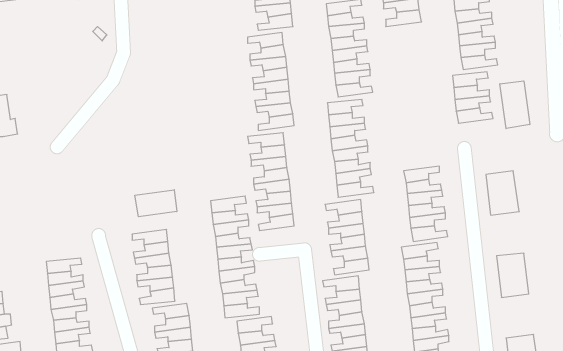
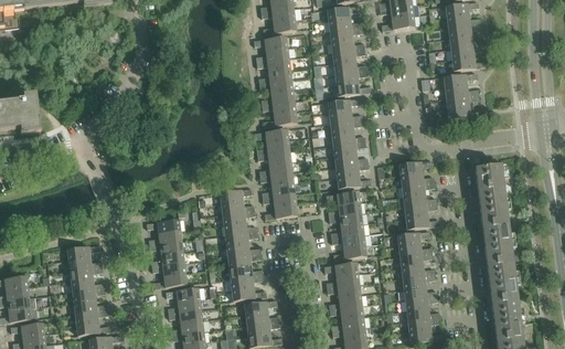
building: [500,81,530,129] -> none
building: [135,190,177,217] -> none
building: none -> [479,201,510,242]
building: none -> [489,277,519,318]

